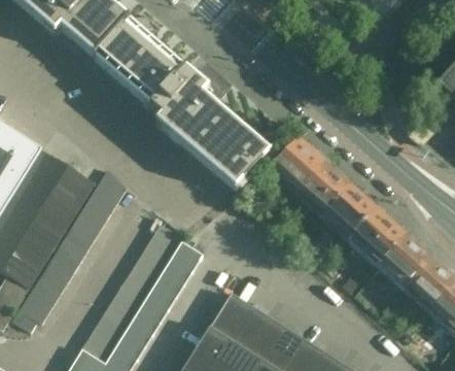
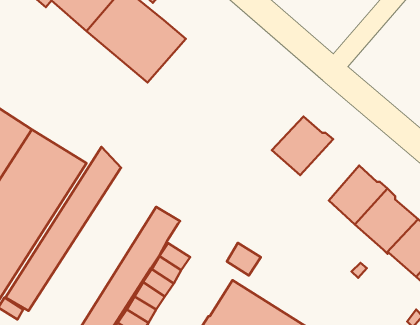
building: [151,65,272,192] -> none
building: [295,160,351,217] -> none
building: [171,240,203,271] -> [227,243,261,276]

